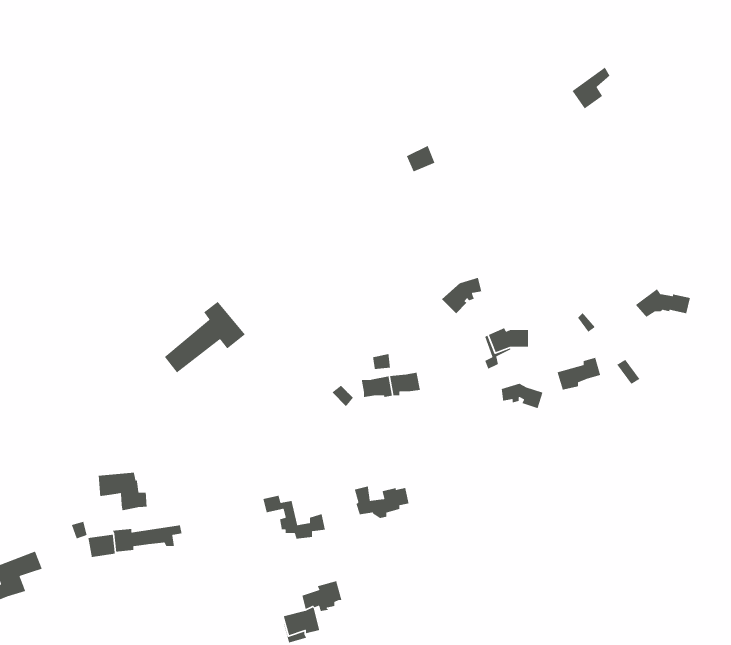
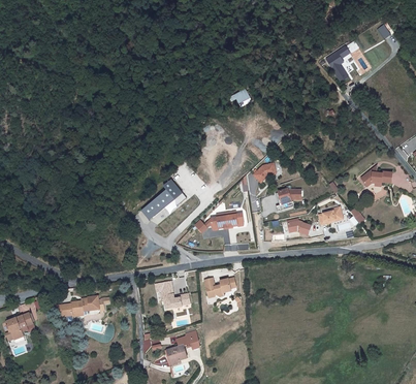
building: [164,301,246,374] -> [141,179,187,219]
building: [98,472,147,511] -> none

